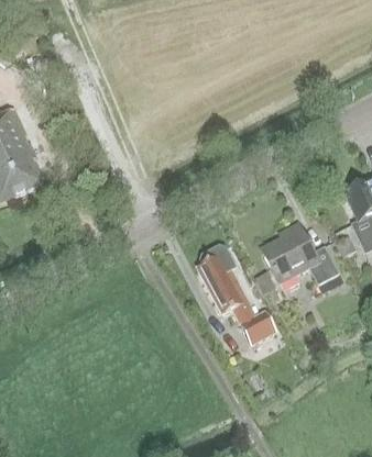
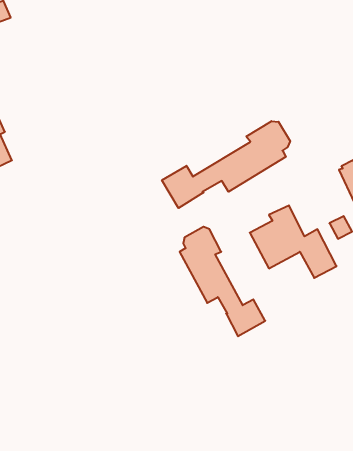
building: none -> [162,121,290,208]

